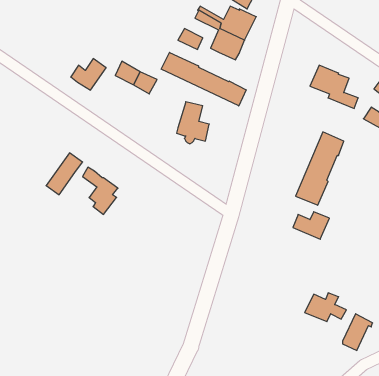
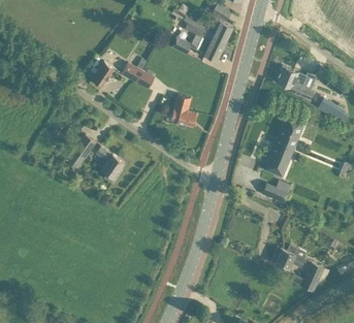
building: [161,52,246,106] -> none

